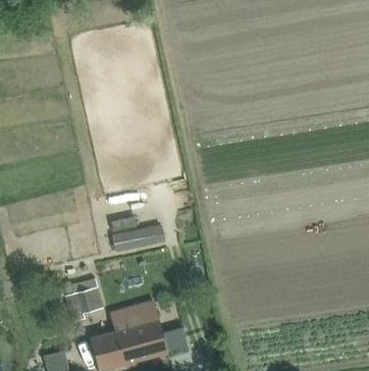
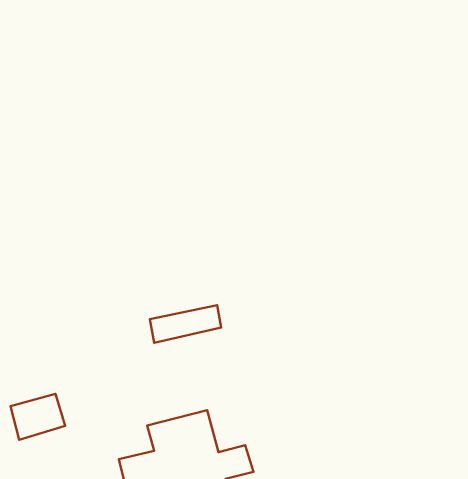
building: [65,286,105,320] -> [11,394,65,440]

